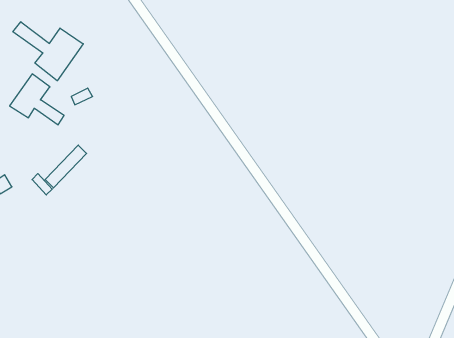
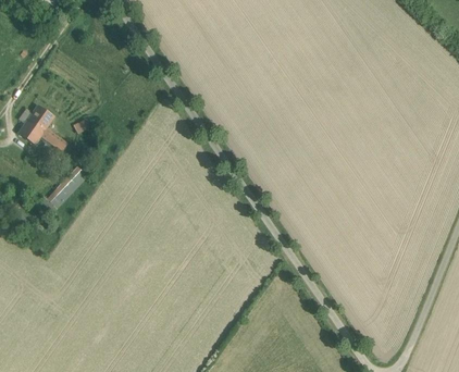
building: [13,22,83,81] -> none

